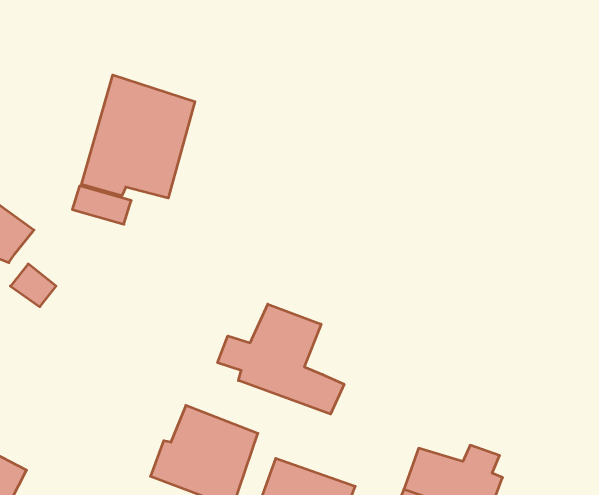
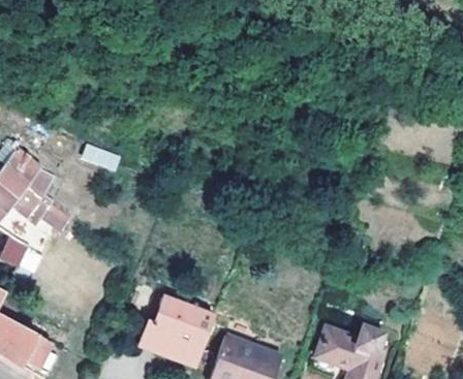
building: [82,75,195,198] -> none
building: [218,304,344,414] -> none

